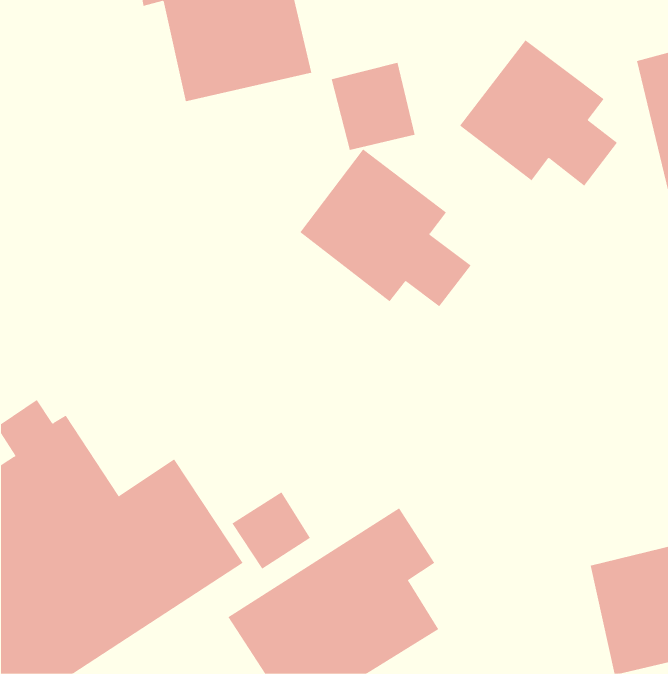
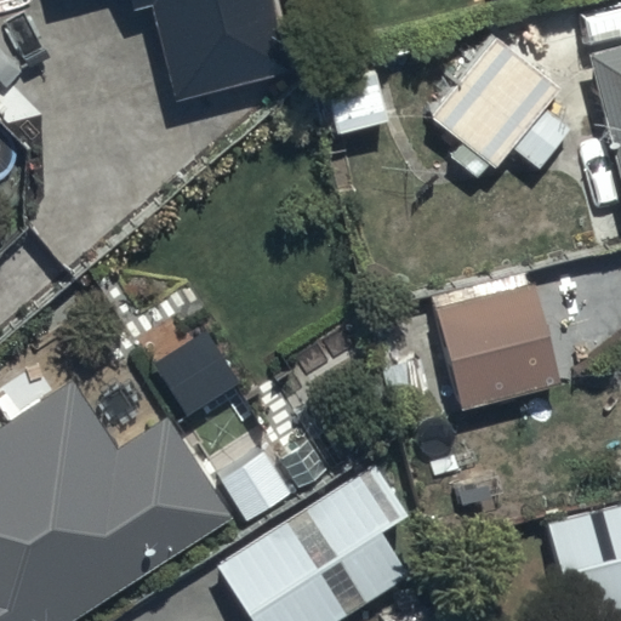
building: [300,148,472,307] -> none
building: none -> [438,286,557,406]

